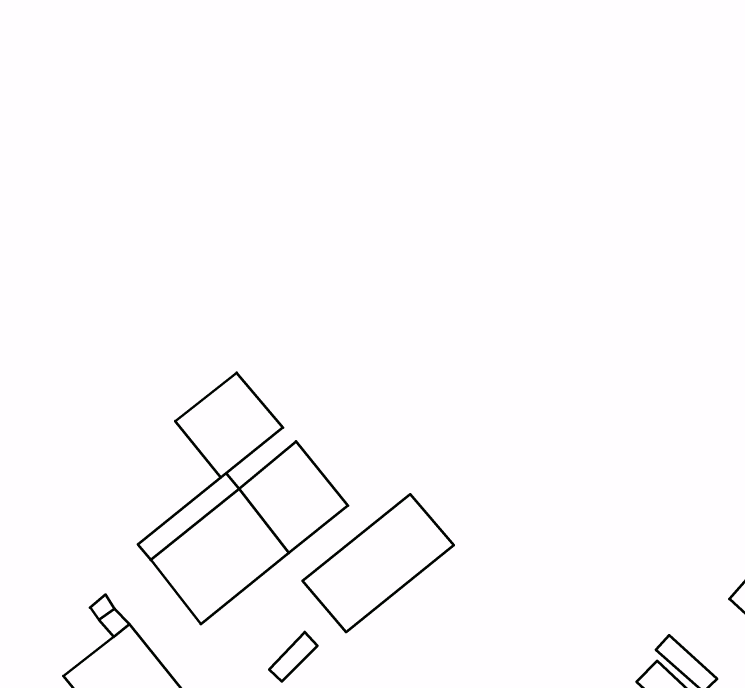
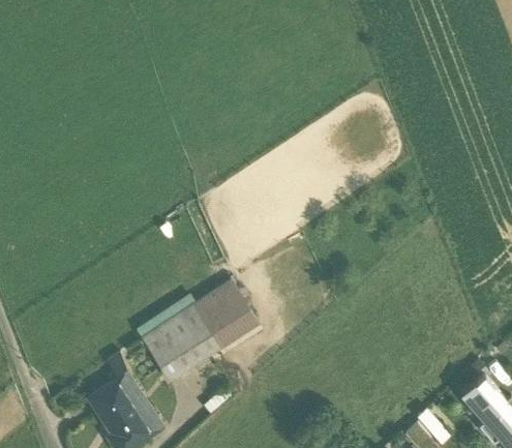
building: [175,373,283,478] -> none
building: [303,494,454,632] -> none

